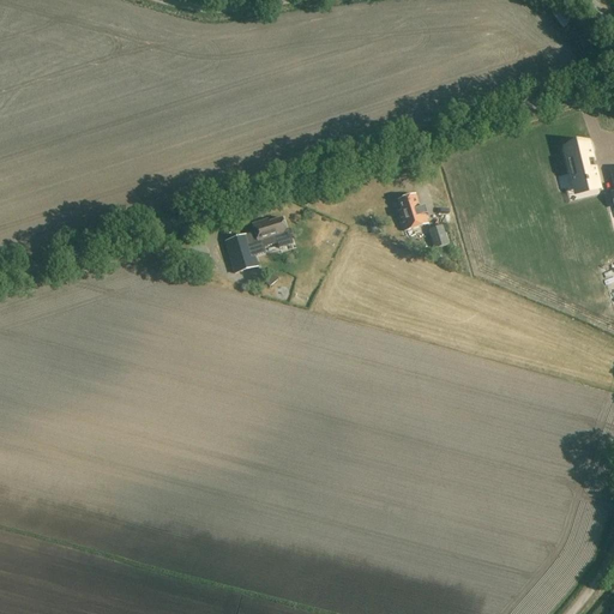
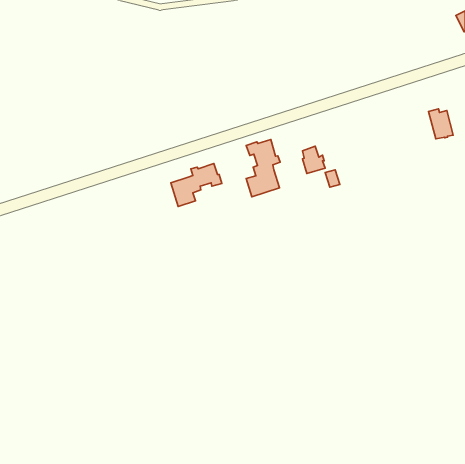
building: none -> [246,140,280,197]

